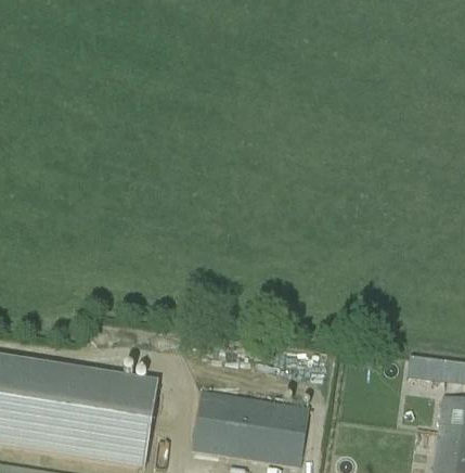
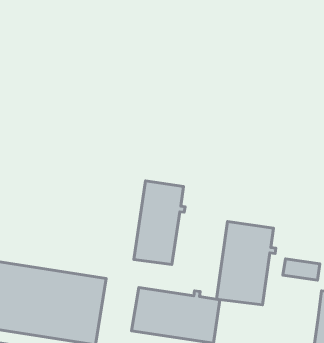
building: none -> [134,181,185,265]
building: none -> [216,222,276,305]

